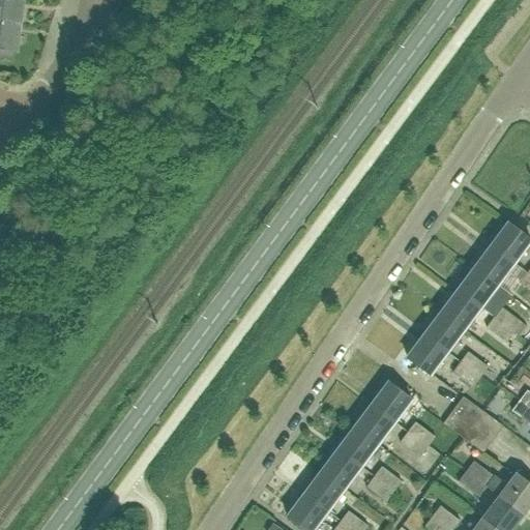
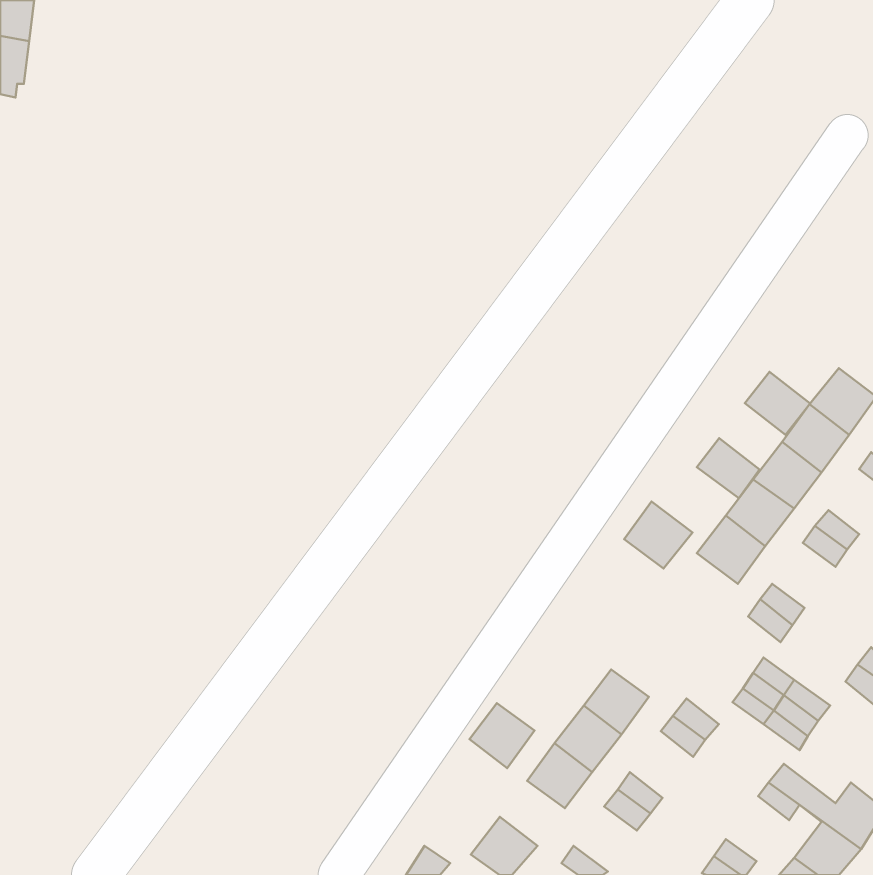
building: none -> [745,372,810,435]
building: none -> [697,438,760,498]
building: [406,334,447,375] -> [624,502,693,568]
building: [371,382,410,421] -> none
building: [303,472,343,511] -> [469,703,534,768]

